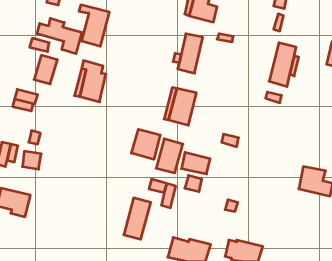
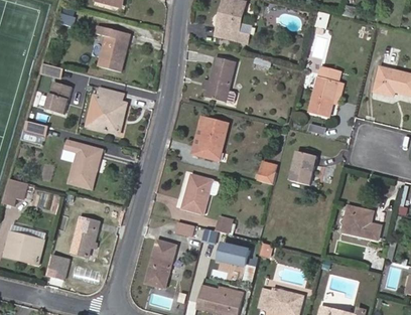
building: [37,18,82,54] -> none
building: none -> [61,140,100,187]
building: none -> [291,152,315,184]
building: [131,129,160,159] -> none
building: [181,152,210,174] -> [214,241,246,265]
building: none -> [71,218,100,257]
building: none -> [44,254,68,279]

